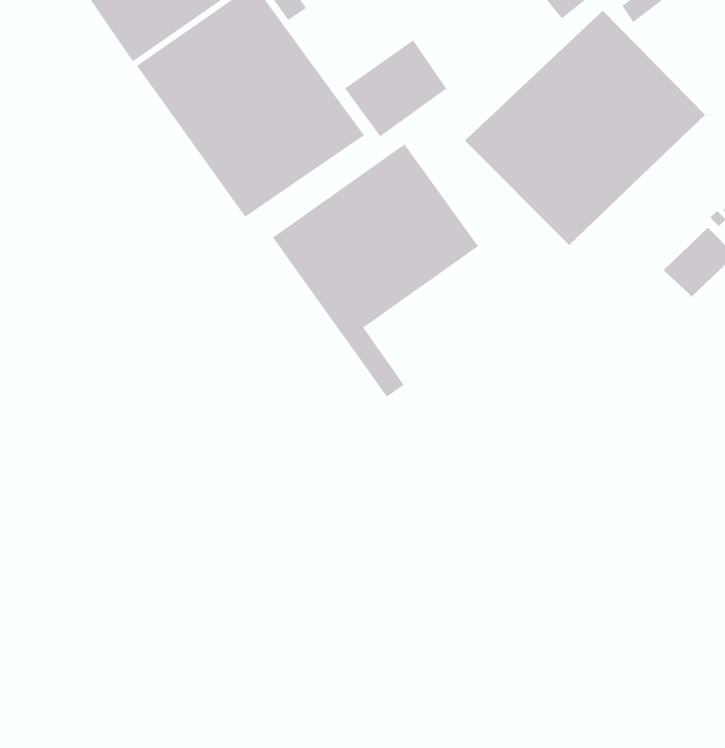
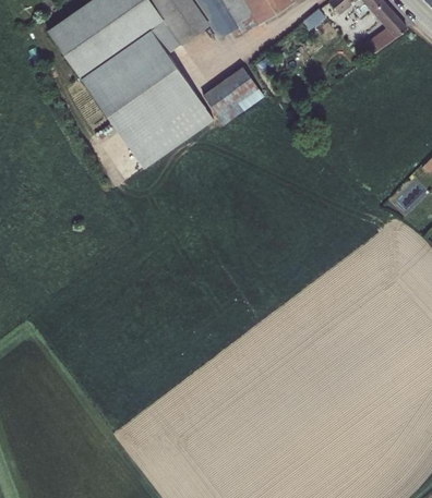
building: [464,10,706,246] -> none
building: [272,143,479,397] -> none

